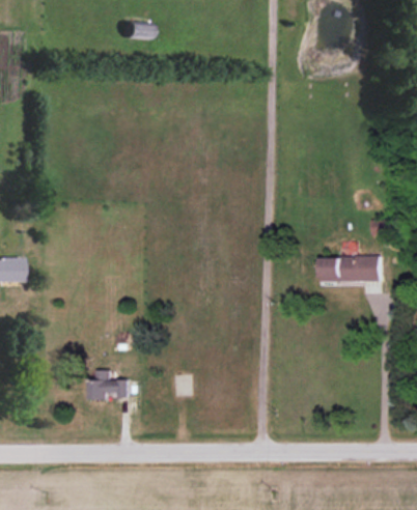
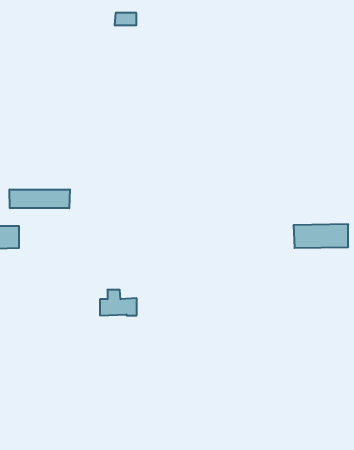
building: none -> [10,189,70,208]
building: [91,370,132,398] -> [100,290,137,315]

